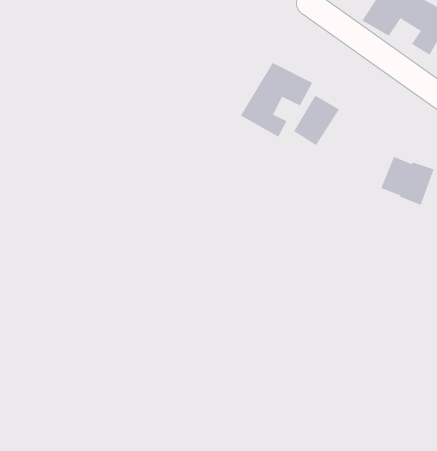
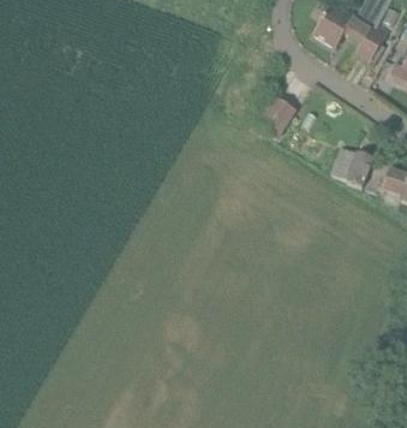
building: [240,62,313,138] -> none

